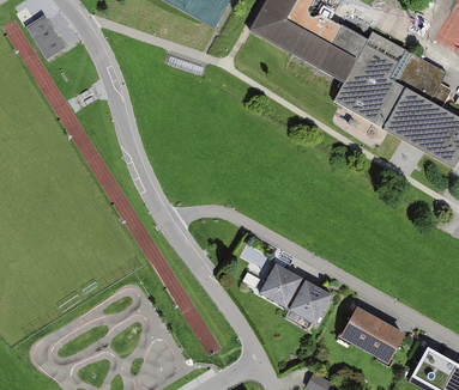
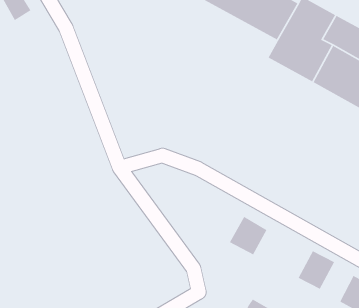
building: [259,262,302,306] -> none
building: [339,304,381,348] -> none

